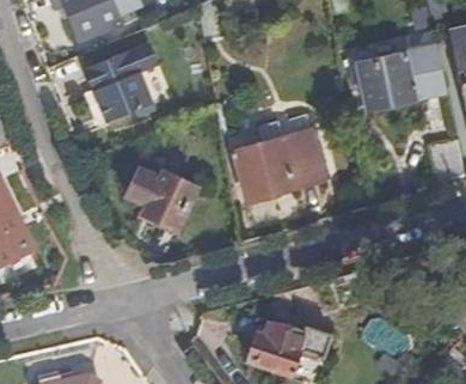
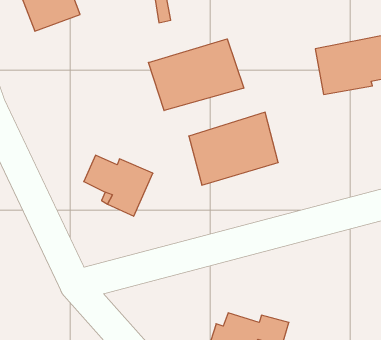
building: [85,51,151,123] -> none
building: none -> [148,39,244,111]

